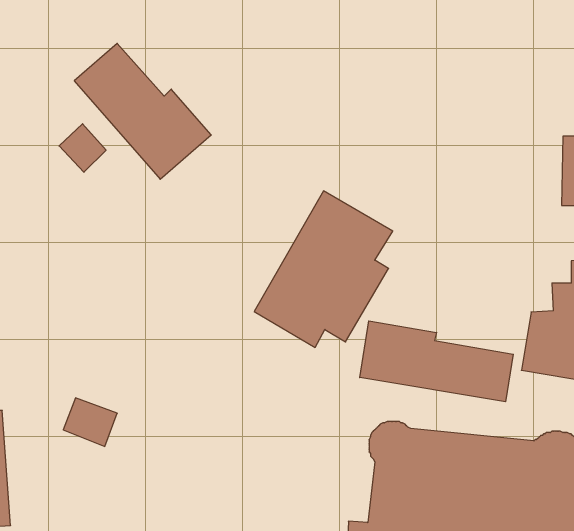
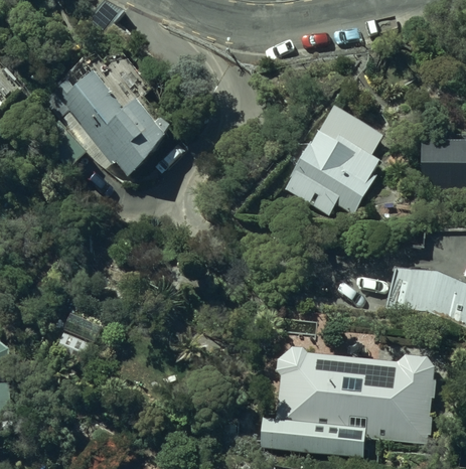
building: [254,191,393,347] -> [282,103,382,216]
building: [360,321,513,402] -> none

